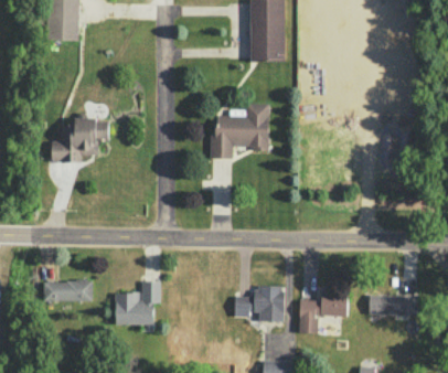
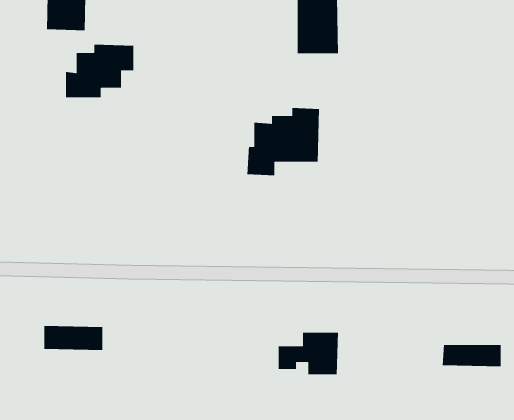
building: [52,118,108,162] -> [65,44,134,98]
building: [115,280,161,331] -> none
building: [299,292,348,333] -> none

